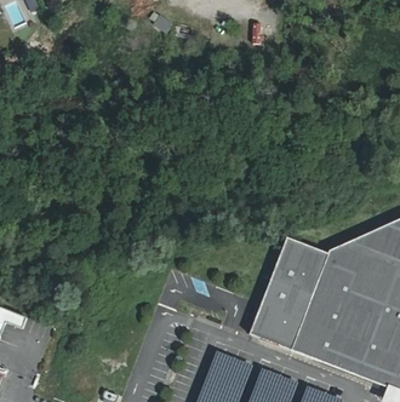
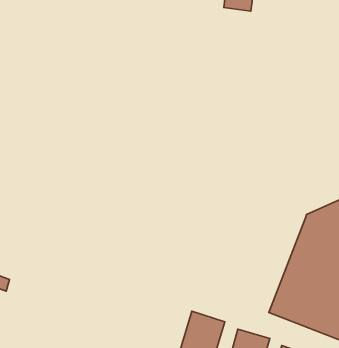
building: [251,236,330,350] -> none

